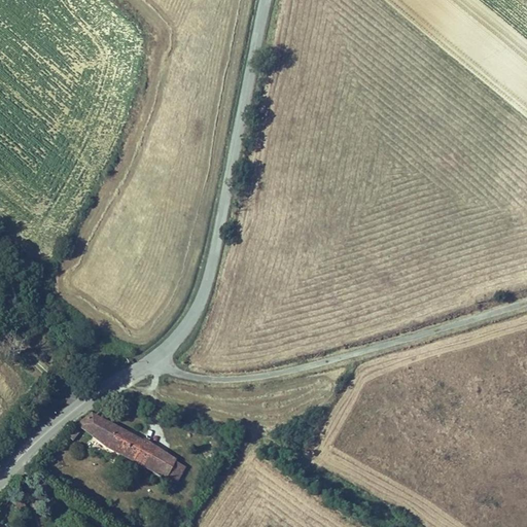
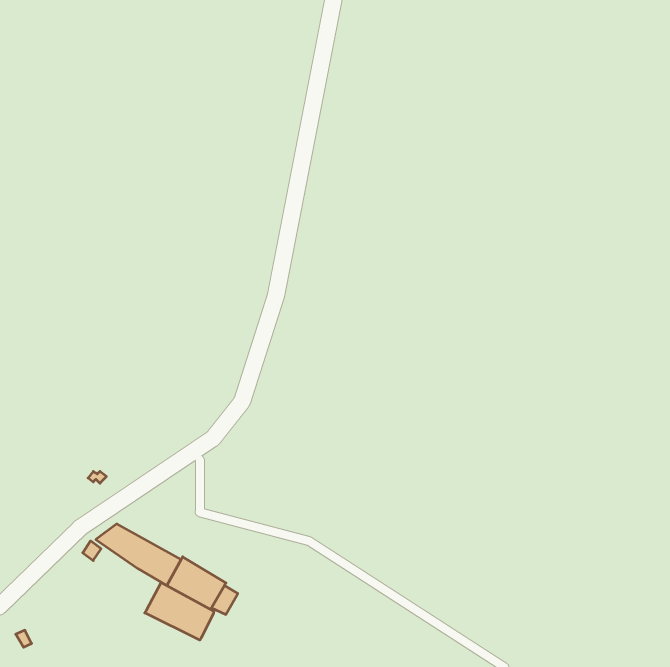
building: none -> [145,583,214,640]

